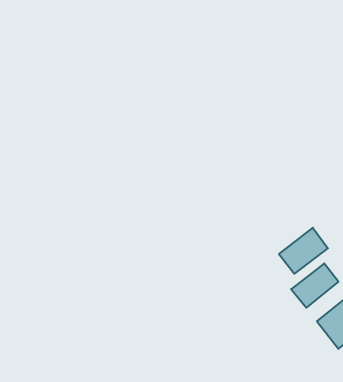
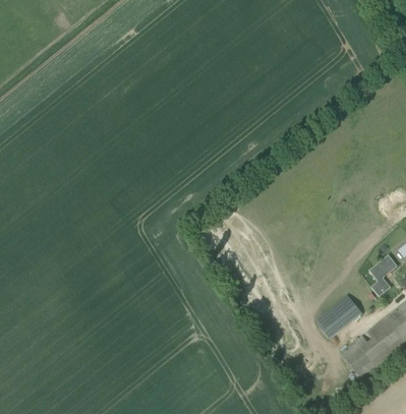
building: [279,228,328,274] -> none

